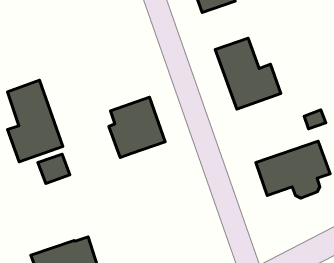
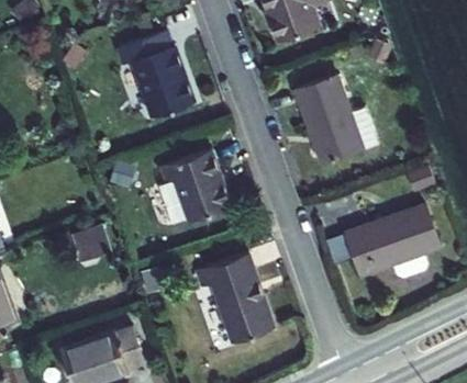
building: none -> [116,31,193,117]
building: [7,80,63,162] -> none
building: none -> [194,252,274,342]

